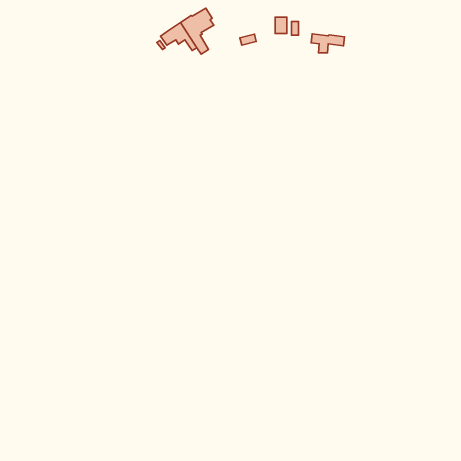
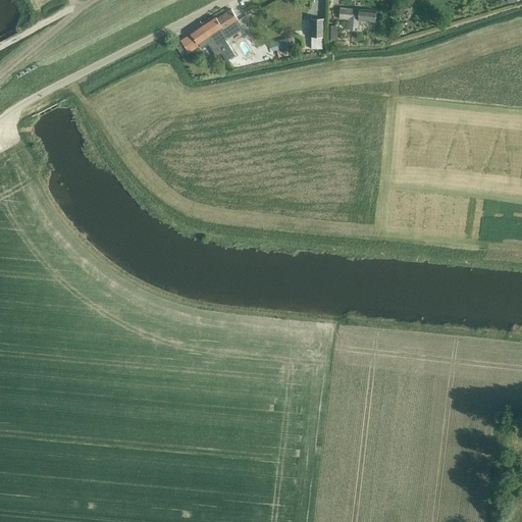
building: [311,34,345,53] -> [340,8,377,30]

